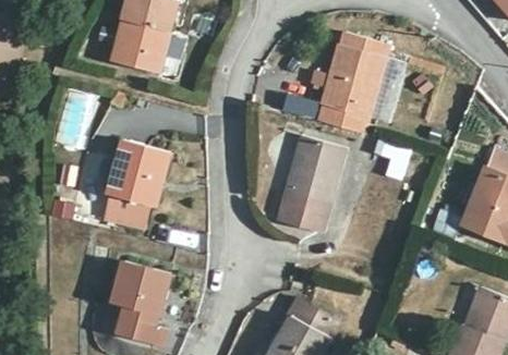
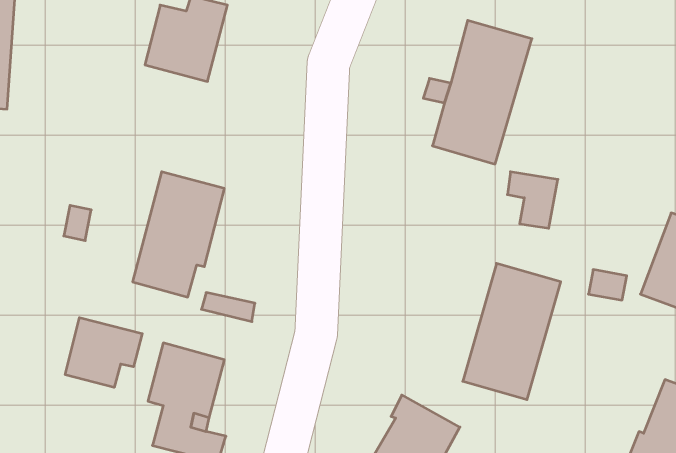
building: [275,135,344,232] -> [463,263,561,400]
building: none -> [65,318,142,387]

